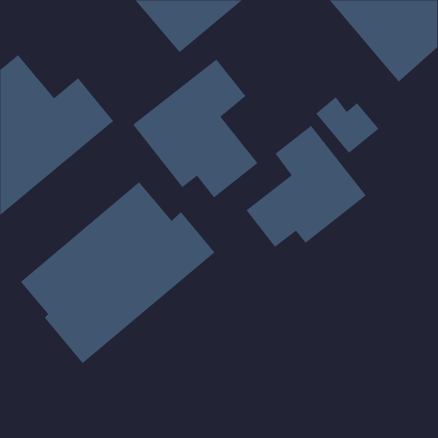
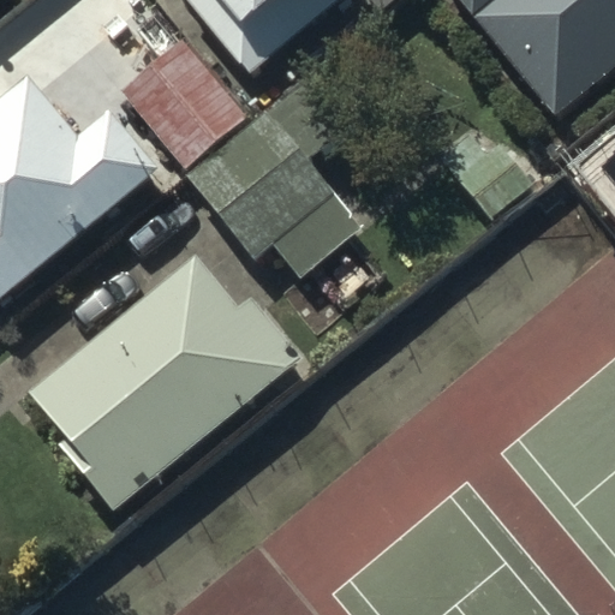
building: none -> [120,41,247,171]
building: [245,125,367,248] -> none

